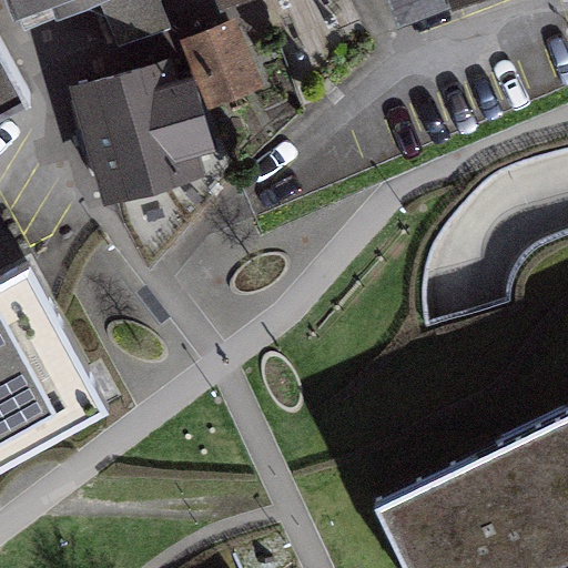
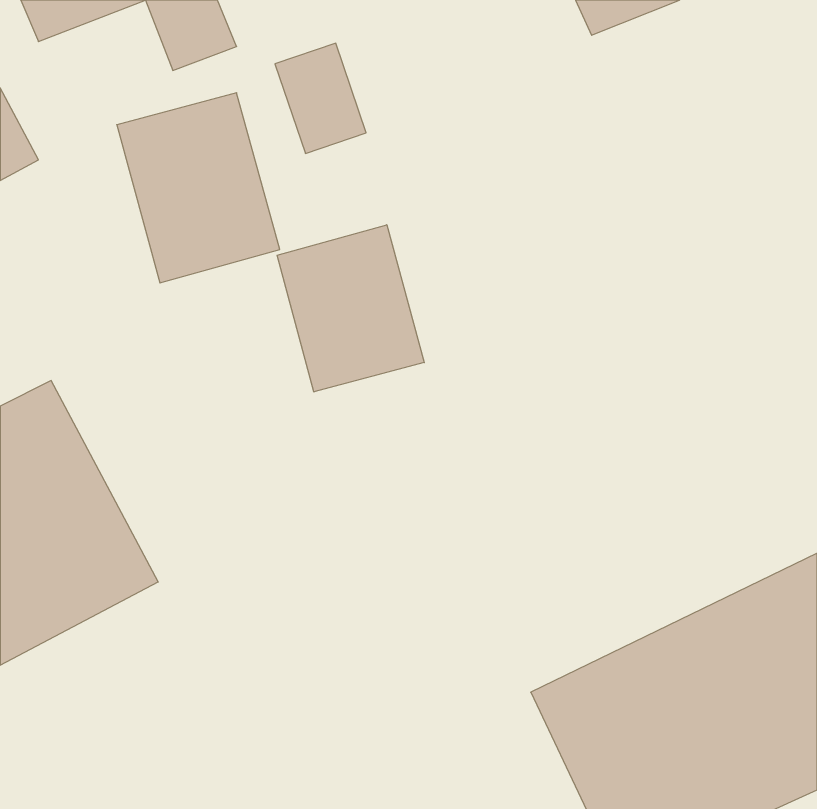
building: none -> [277,225,424,392]

